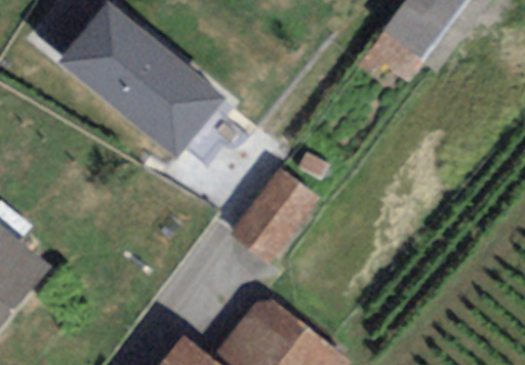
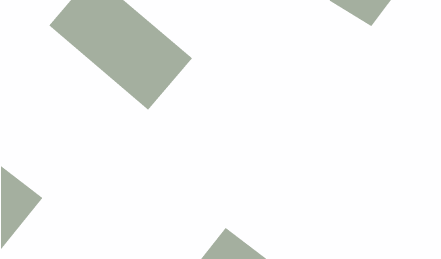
building: [231,168,321,262] -> none

